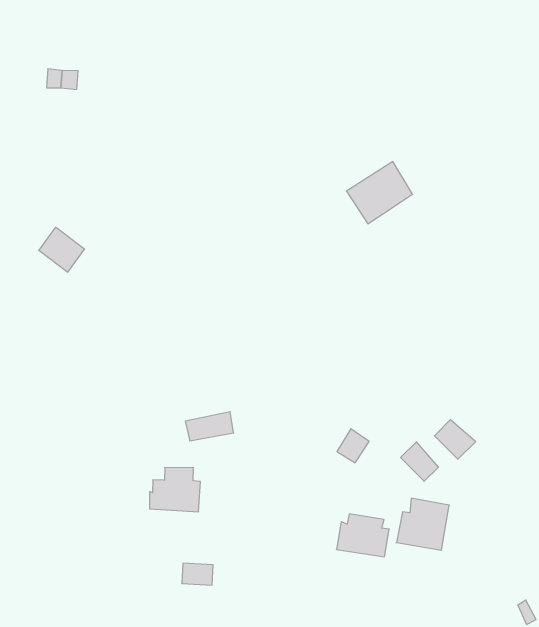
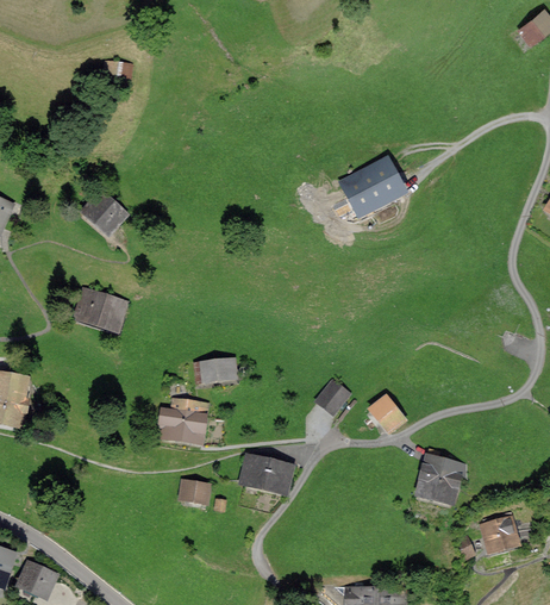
building: none -> [80,293,125,329]
building: [434,419,476,459] -> none
building: [396,498,449,550] -> [418,456,464,501]
building: [336,514,389,557] -> [245,453,290,491]

